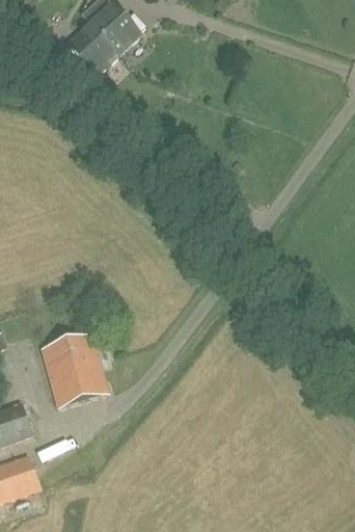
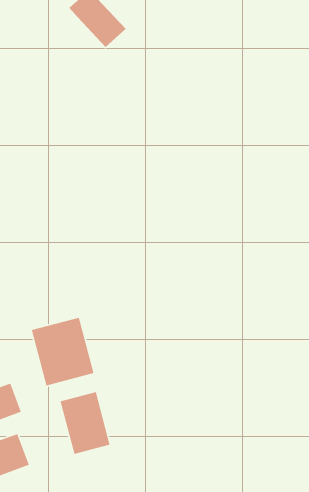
building: [67,22,120,75] -> none
building: none -> [60,391,111,455]

